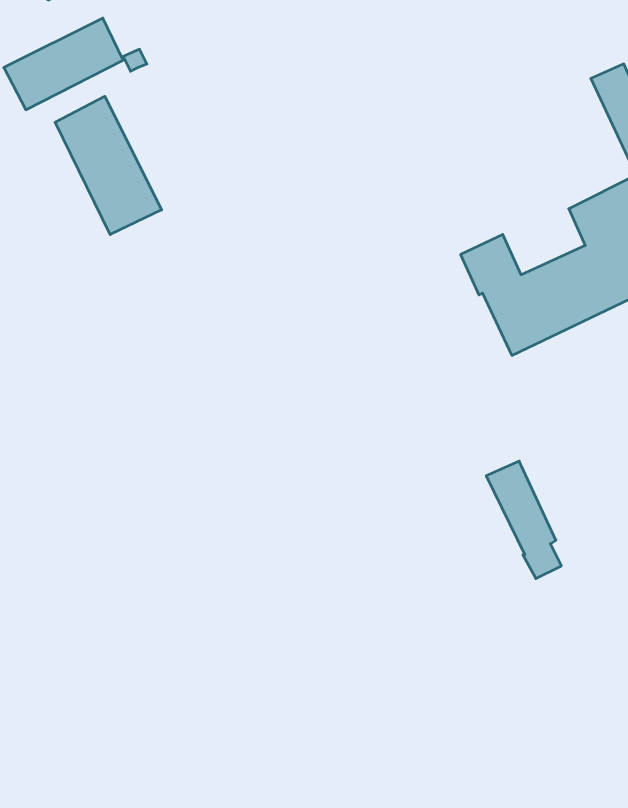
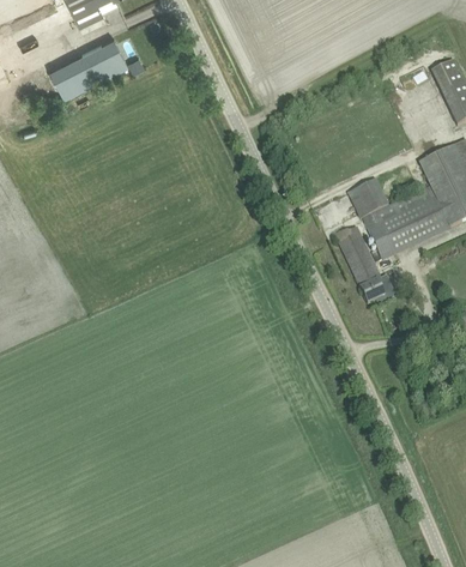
building: [55,96,162,235] -> none
building: [486,461,561,579] -> [337,227,386,303]

